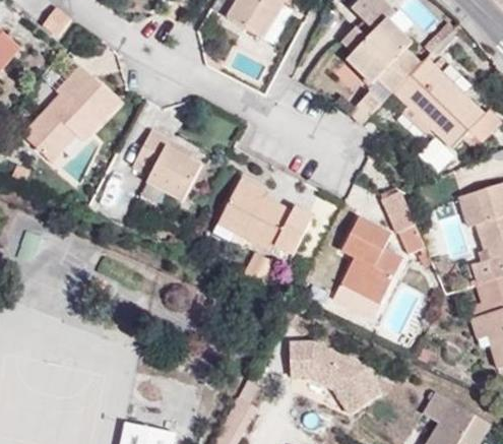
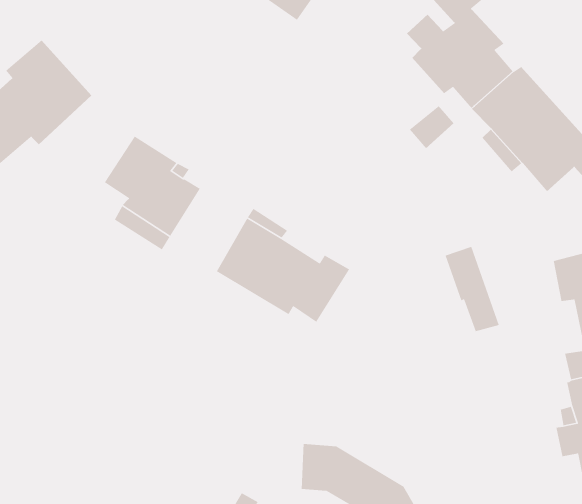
building: [335,216,403,312] -> none

